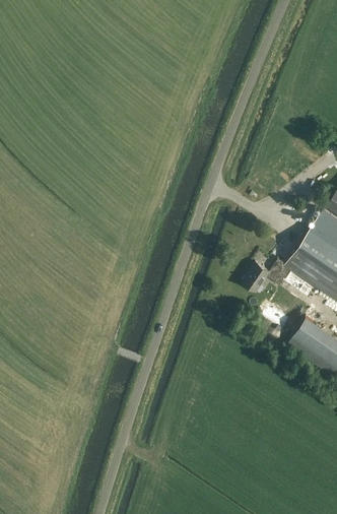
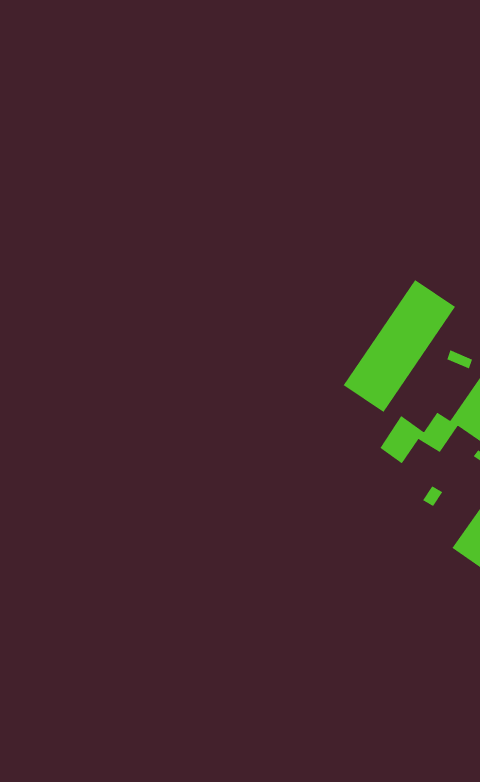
building: none -> [343,279,456,413]

